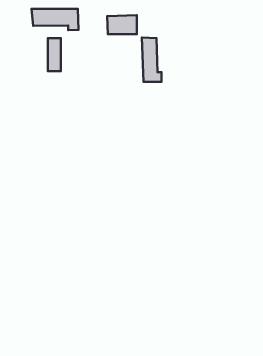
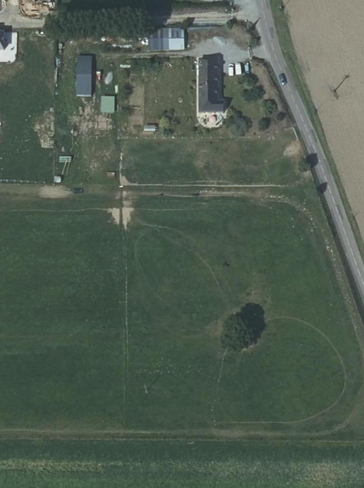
building: [32,9,78,30] -> none

